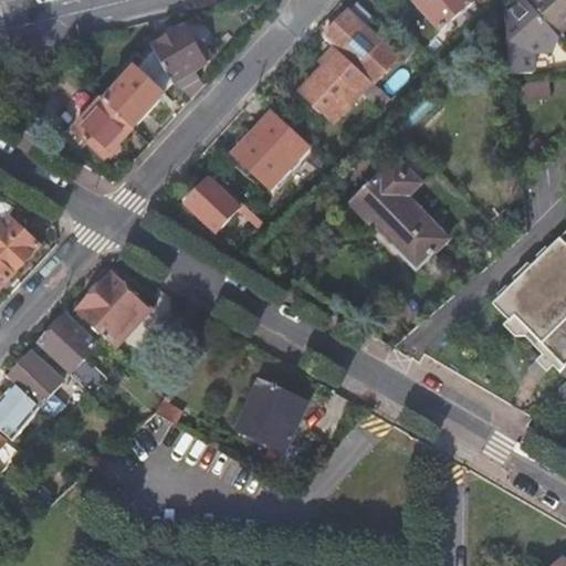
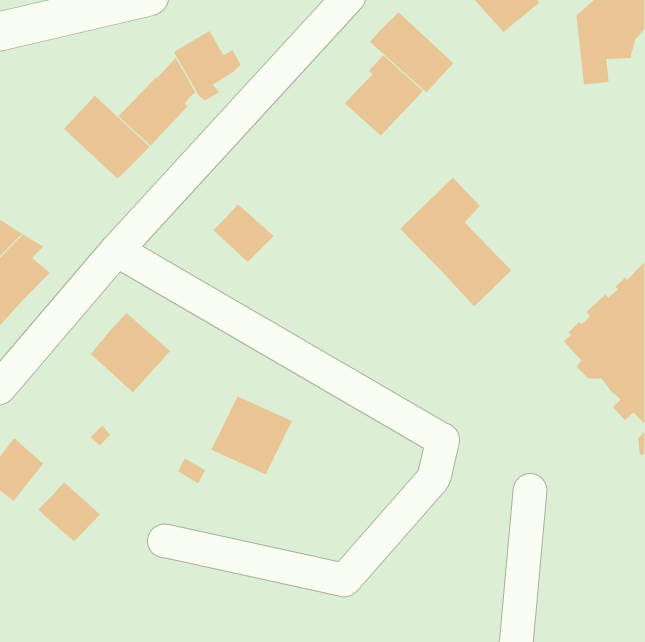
building: [233,111,310,187] -> none
building: [39,315,96,374] -> none
building: [7,353,62,406] -> [37,482,101,542]
building: [235,379,307,449] -> [210,396,293,475]

